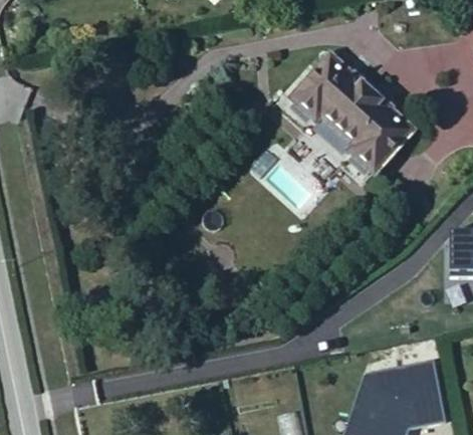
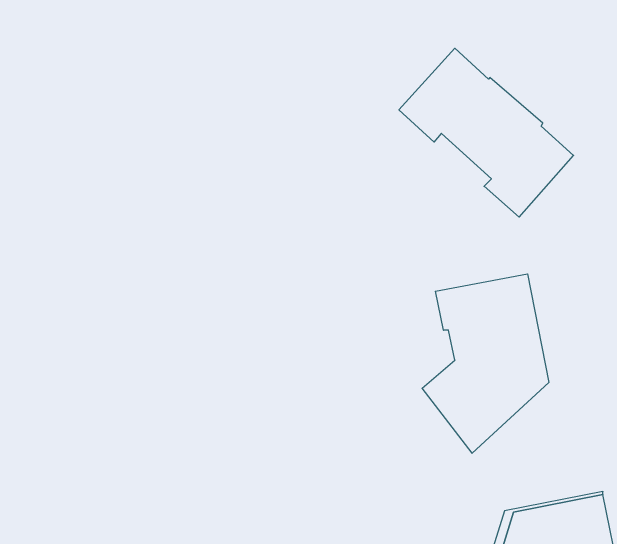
building: none -> [422,274,549,453]

